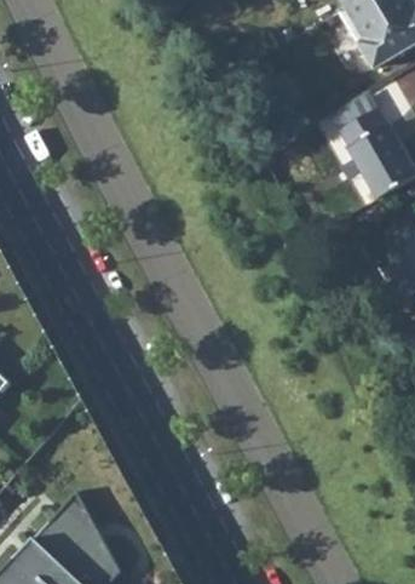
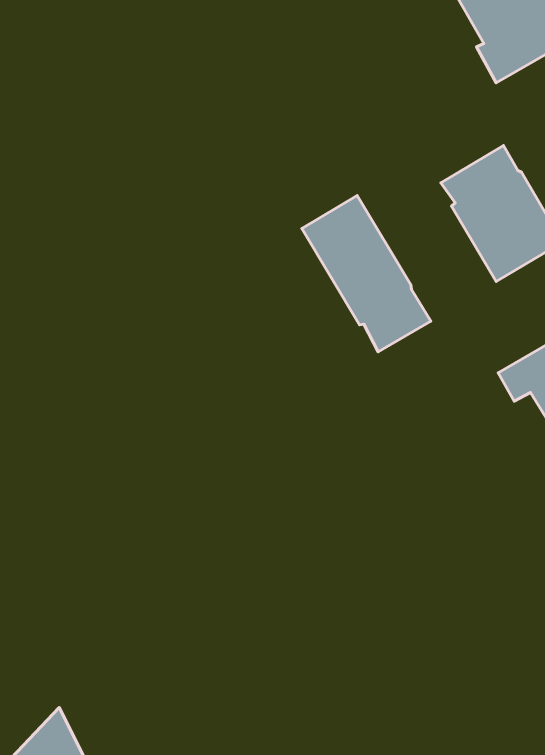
building: none -> [302,195,431,352]

